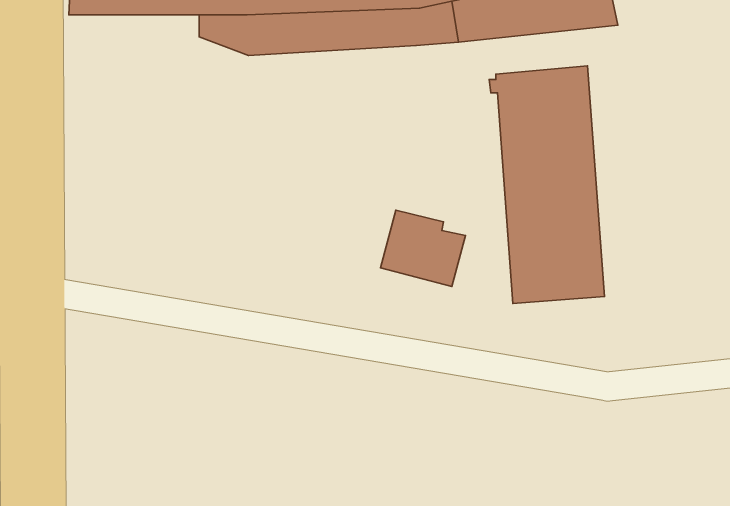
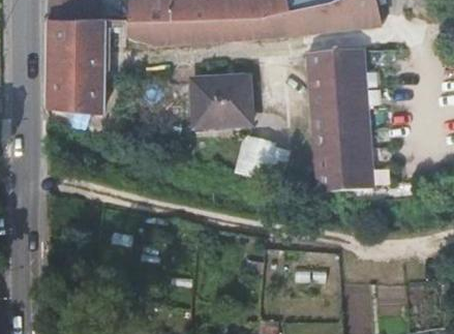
building: none -> [47,19,126,114]
building: none -> [191,80,251,126]

